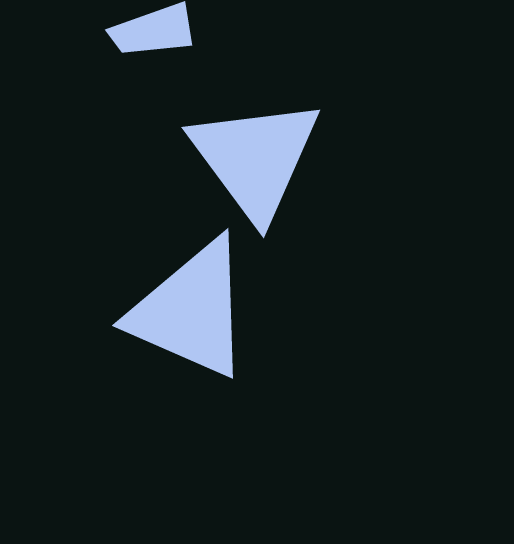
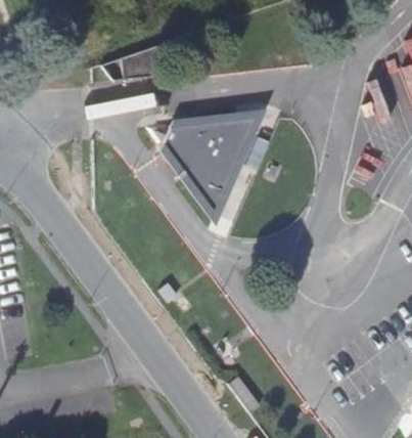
building: [110,226,234,380] -> none

